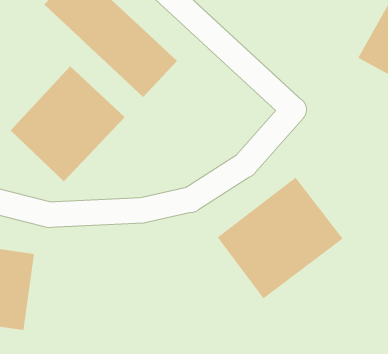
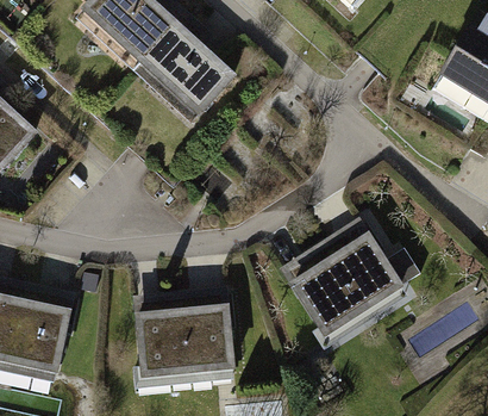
building: [10,66,125,182] -> none
building: none -> [126,291,238,379]

